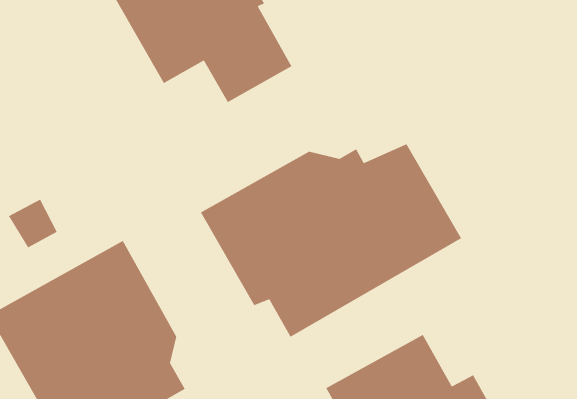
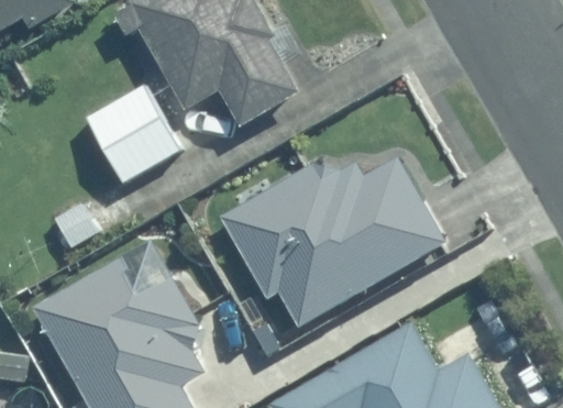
building: none -> [82,85,179,185]

